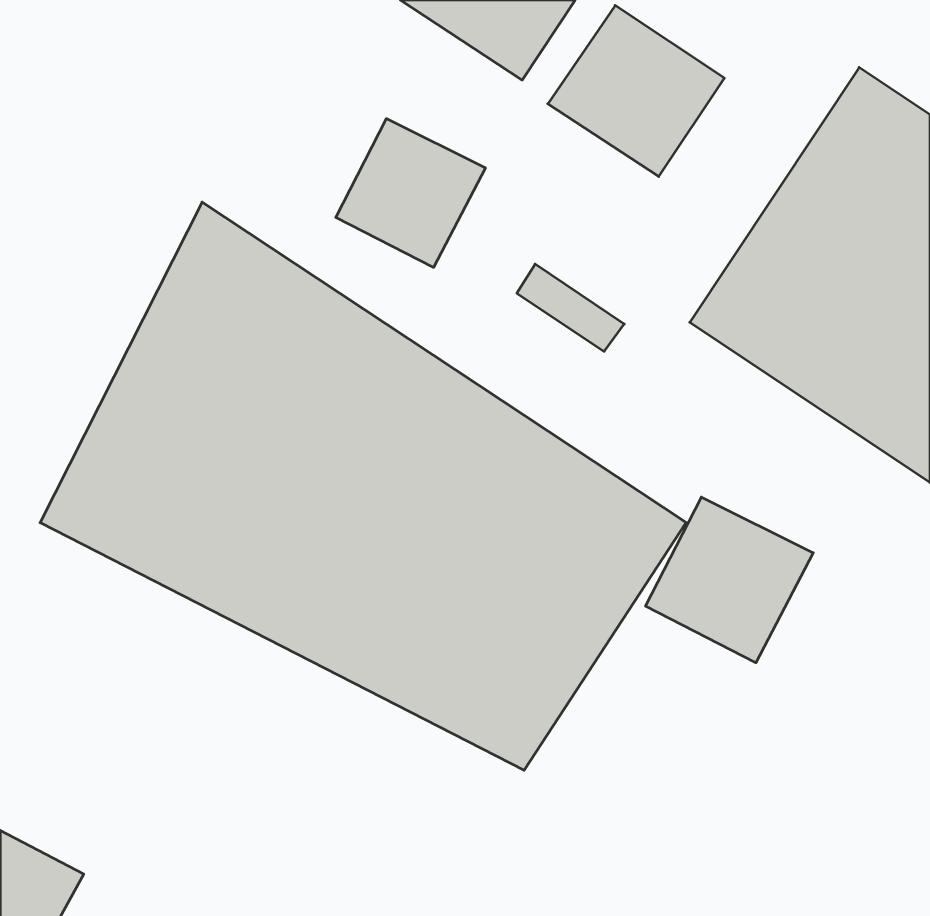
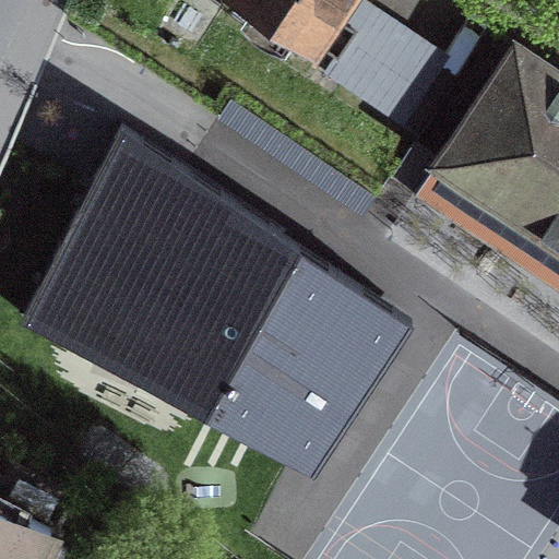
building: [336,119,485,267] -> none
building: [646,497,813,663] -> none

